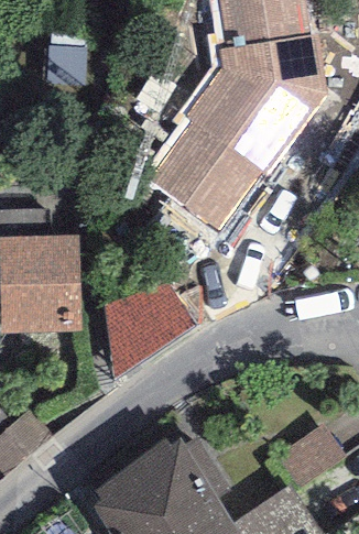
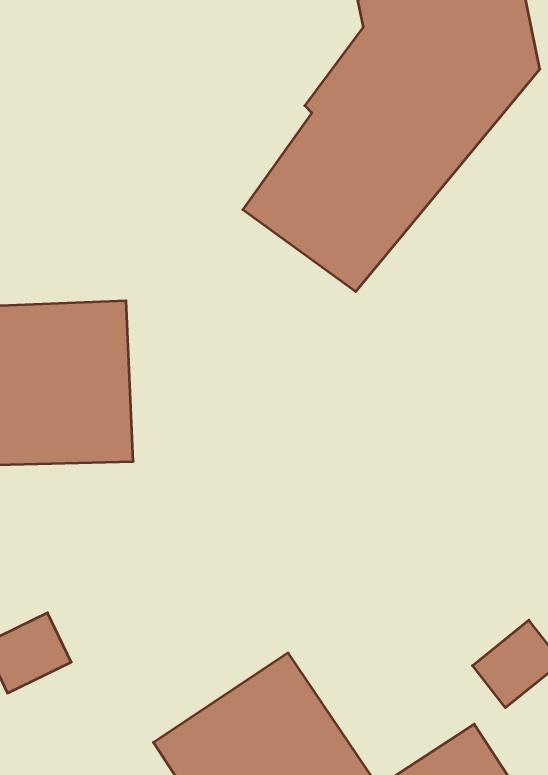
building: [105,283,200,367] -> none

